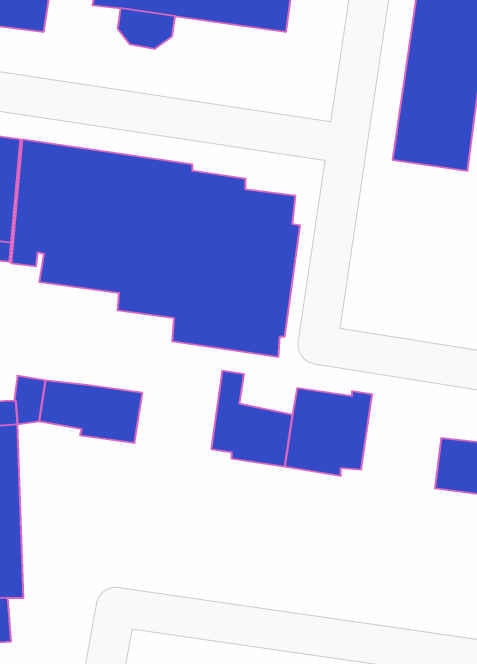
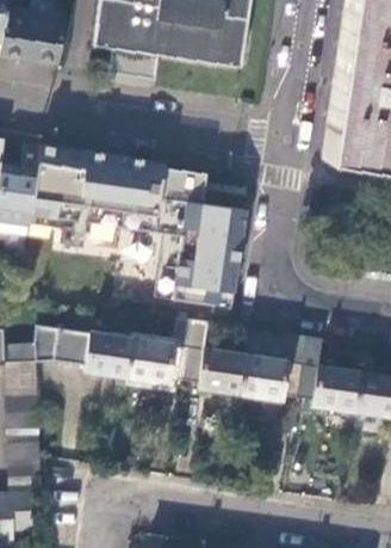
building: none -> [124,319,191,382]
building: none -> [297,338,358,410]

